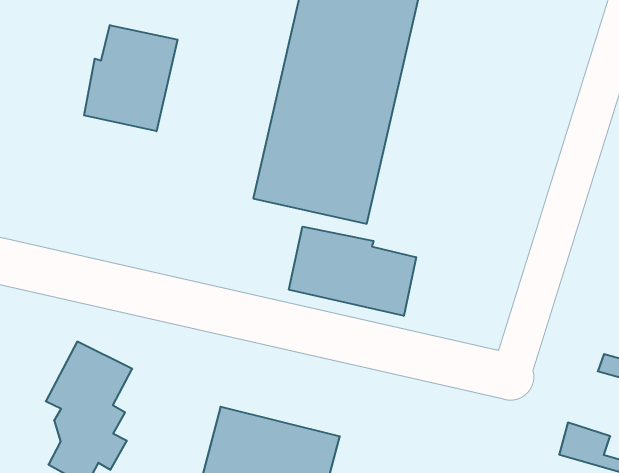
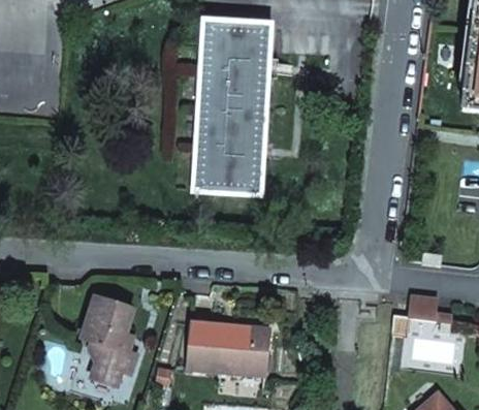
building: [84,25,177,131] -> none
building: [289,227,416,316] -> none

